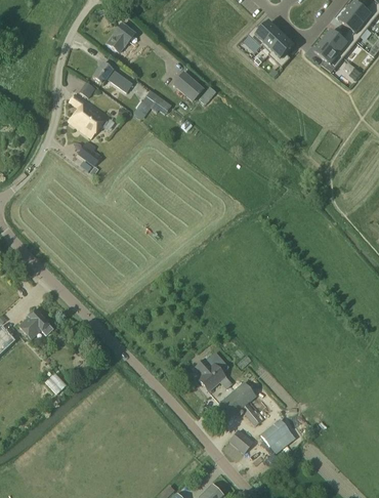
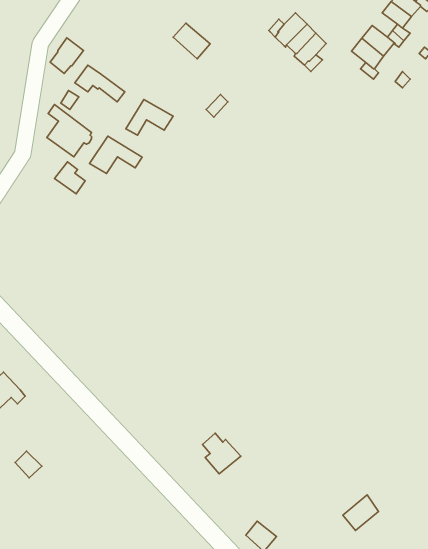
building: [108,23,134,51] -> [50,38,83,74]
building: [173,72,203,100] -> [173,23,210,59]
building: none -> [90,136,142,173]
building: [219,381,262,424] -> none
building: [260,417,289,446] -> [343,495,379,531]

